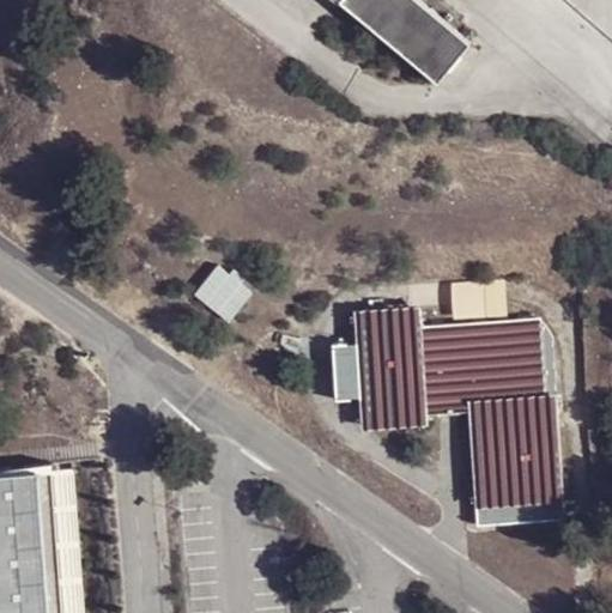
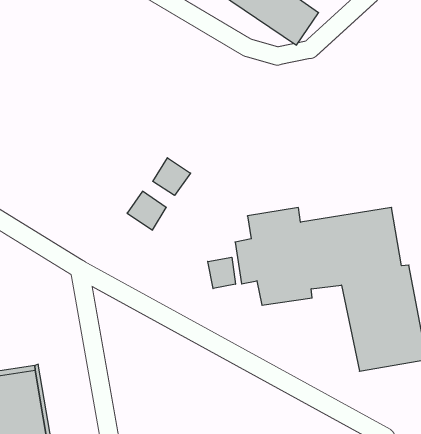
building: none -> [153,158,191,195]
building: none -> [208,257,235,289]

